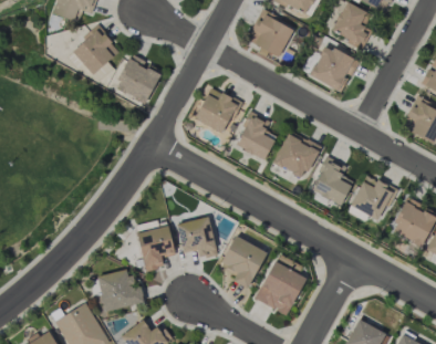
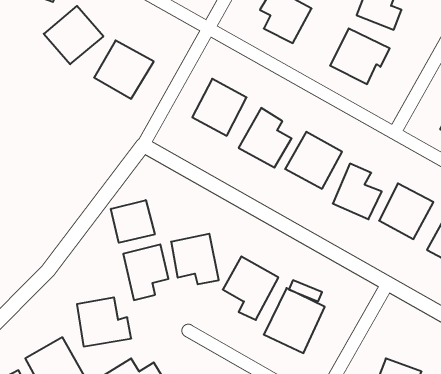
building: none -> [111,200,155,243]

